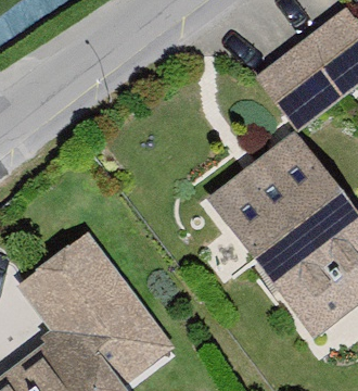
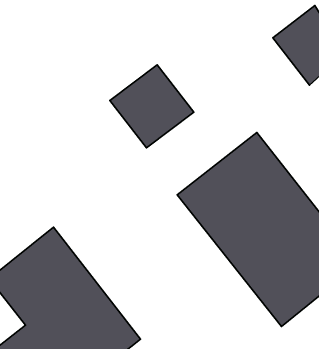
building: [259,43,344,127] -> [110,65,194,148]

